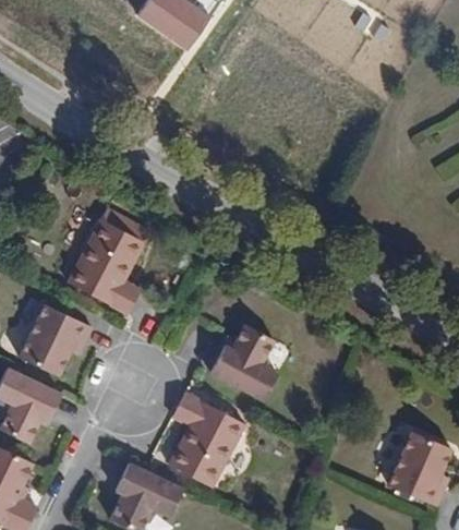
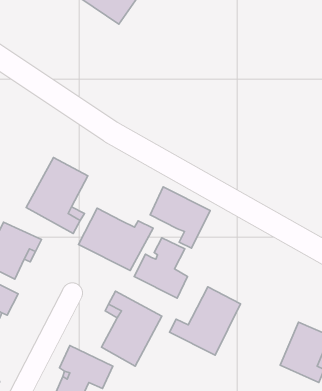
building: none -> [150,187,210,248]
building: none -> [79,208,153,270]
building: none -> [169,287,240,355]

